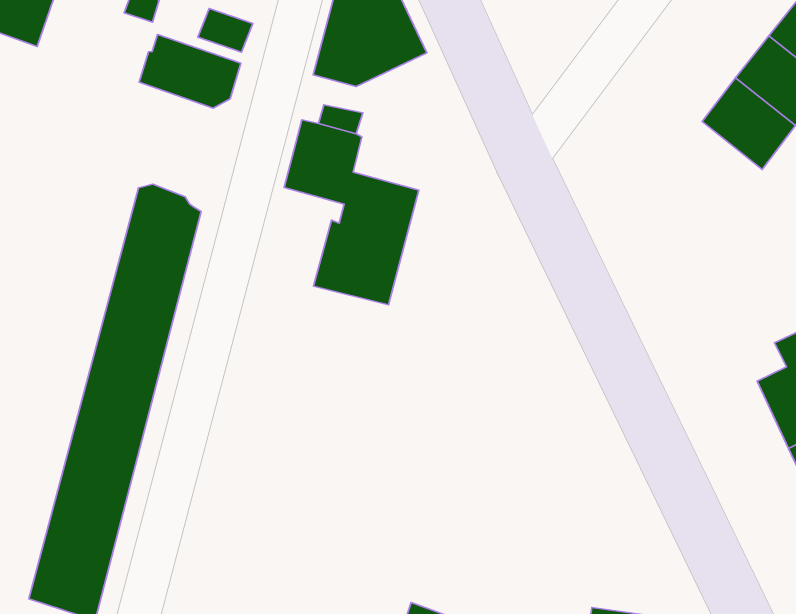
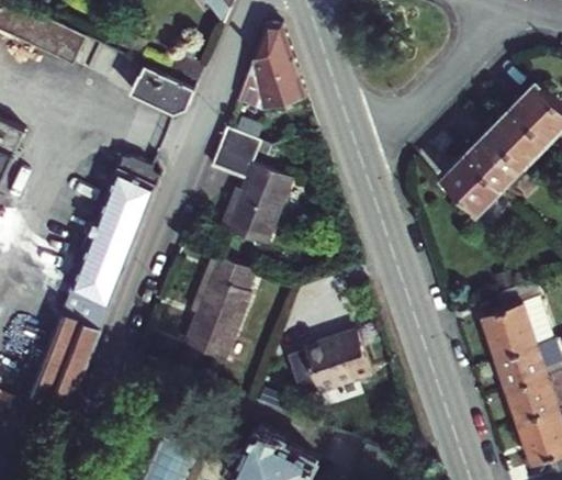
building: none -> [440,157,499,215]
building: none -> [183,256,255,361]
building: none -> [286,334,370,399]

